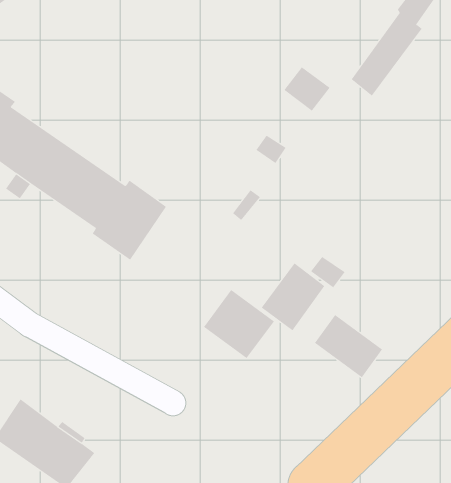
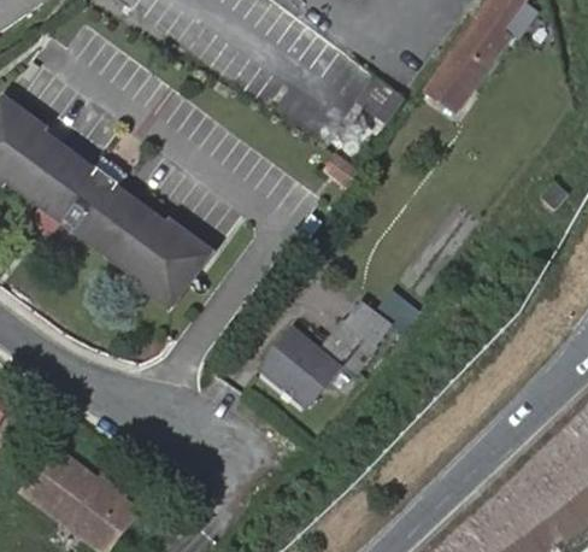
building: [314,314,383,378] -> none

